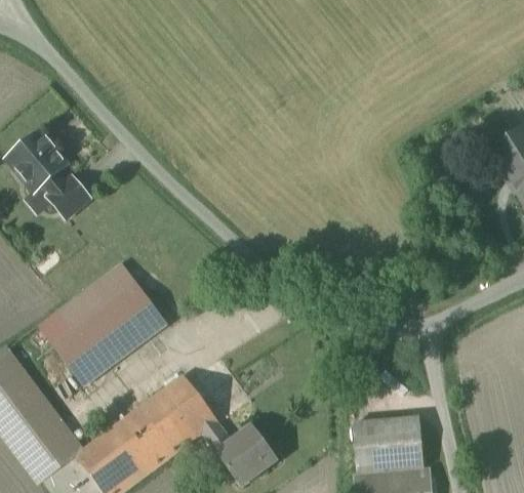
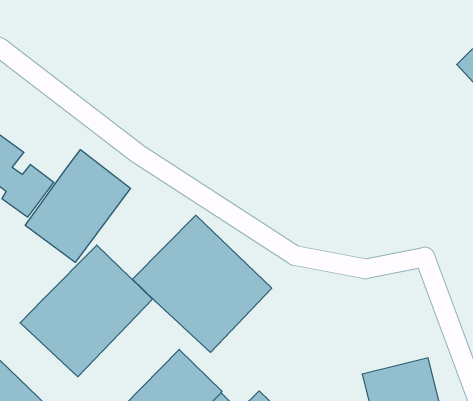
building: none -> [25,150,131,262]
building: none -> [132,215,272,352]

